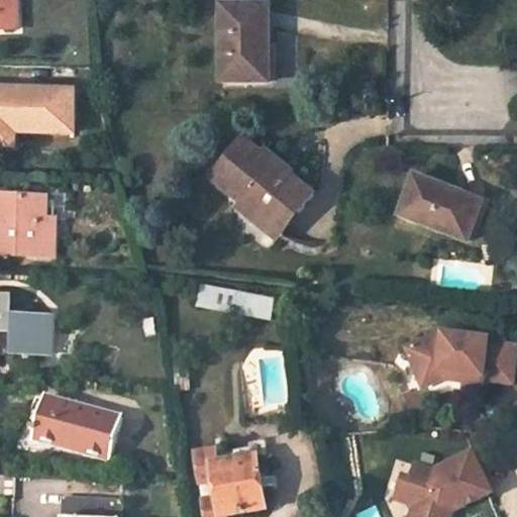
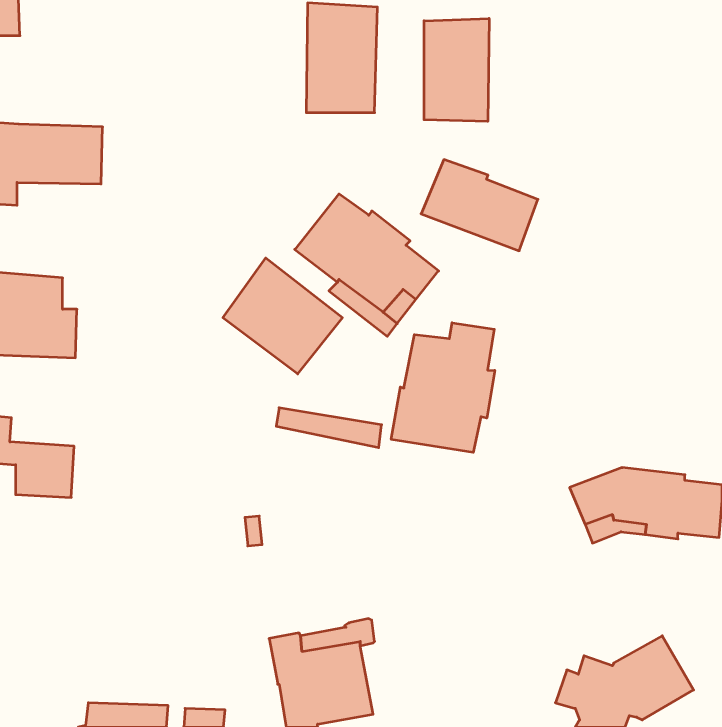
building: none -> [424,18,489,121]
building: [397,175,480,239] -> [421,160,538,251]
building: none -> [223,258,342,374]
building: none -> [391,323,495,452]
building: [31,395,121,457] -> none

